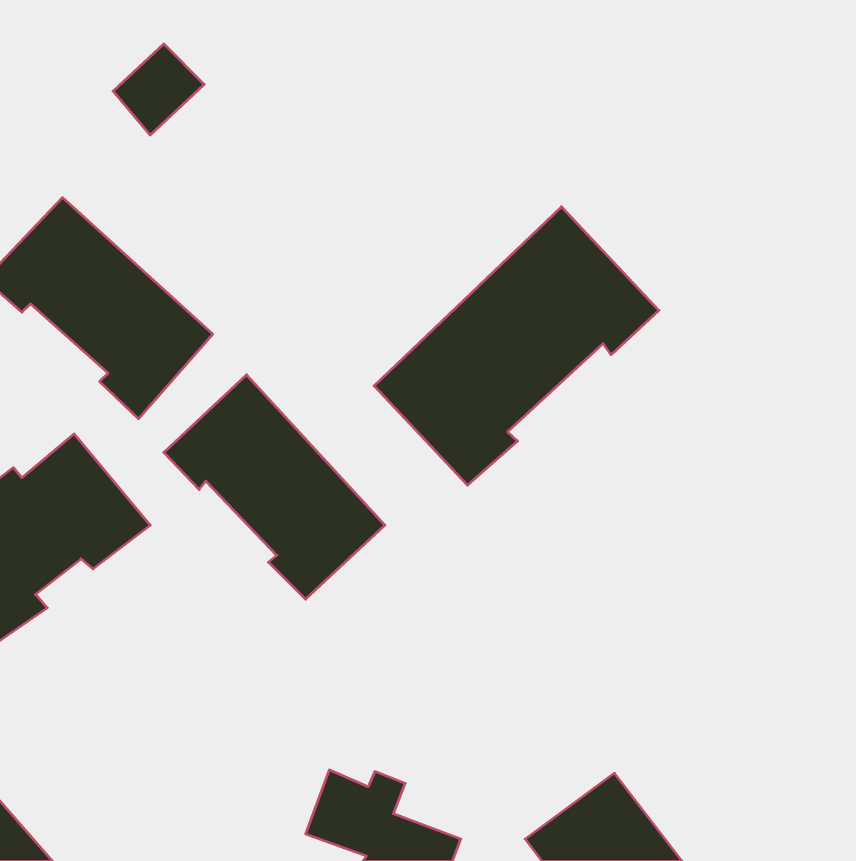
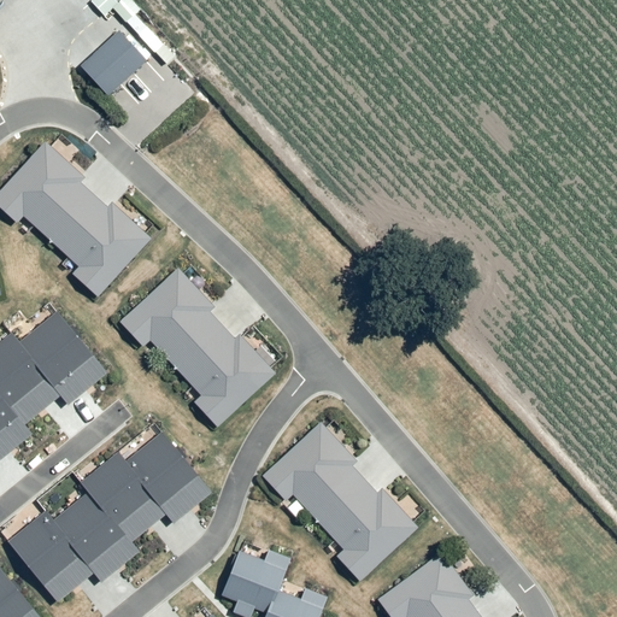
building: [374,207,659,485] -> none
building: none -> [259,422,417,583]
building: none -> [5,431,210,603]

